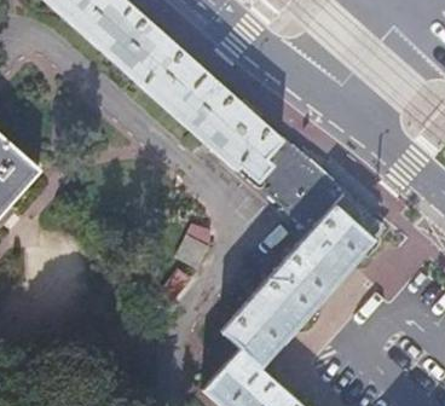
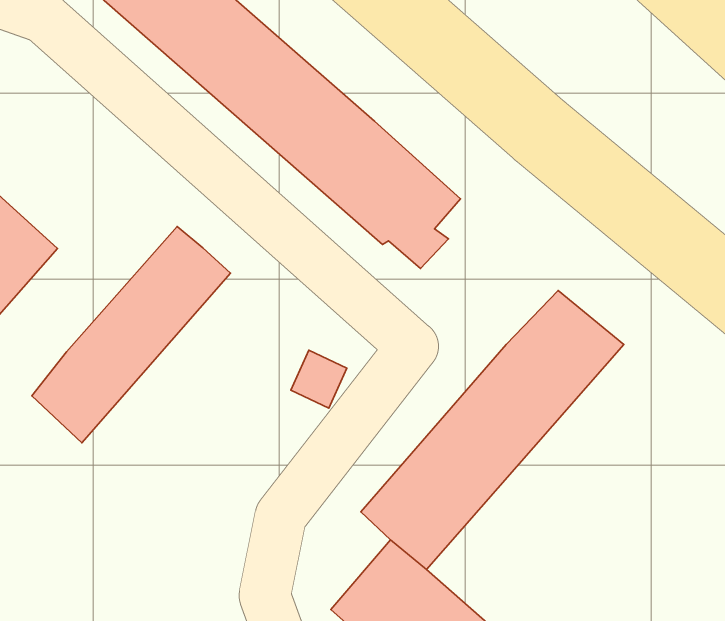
building: [259,144,343,232] -> none
building: none -> [32,227,230,443]

